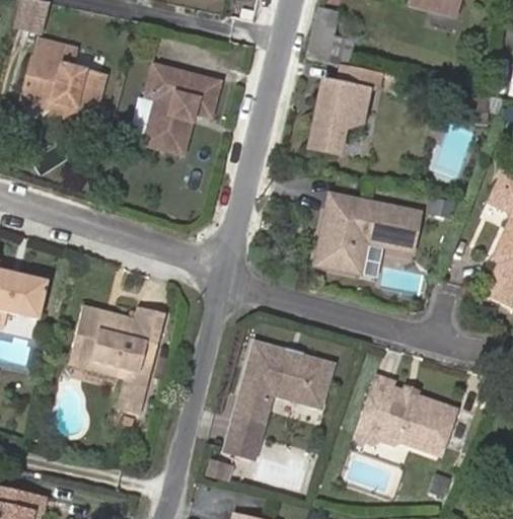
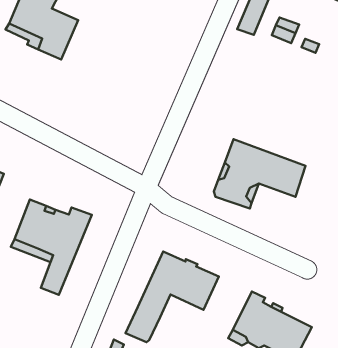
building: [303,62,372,152] -> none
building: [142,63,223,155] -> none

